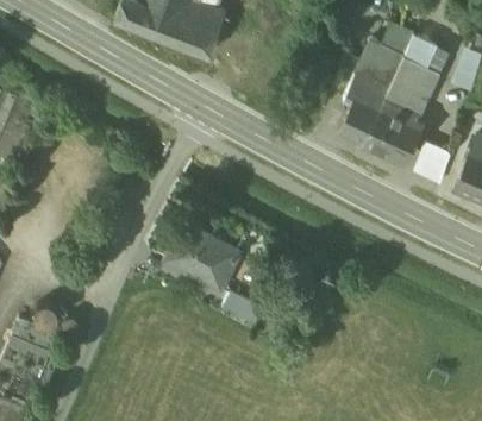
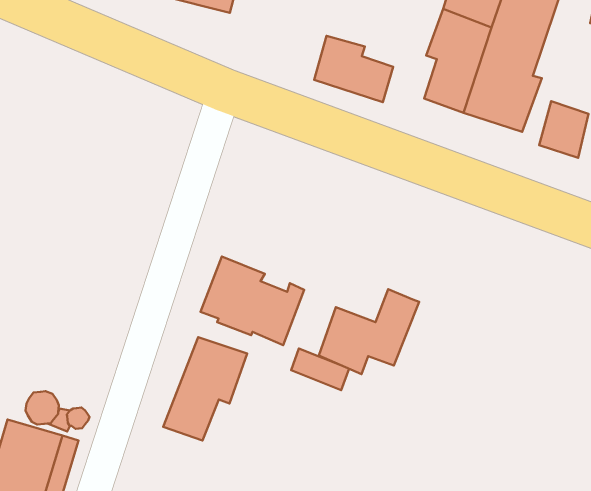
building: none -> [314,36,393,102]
building: none -> [319,289,419,374]
building: none -> [163,337,247,441]

